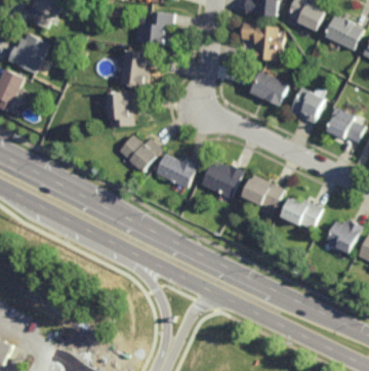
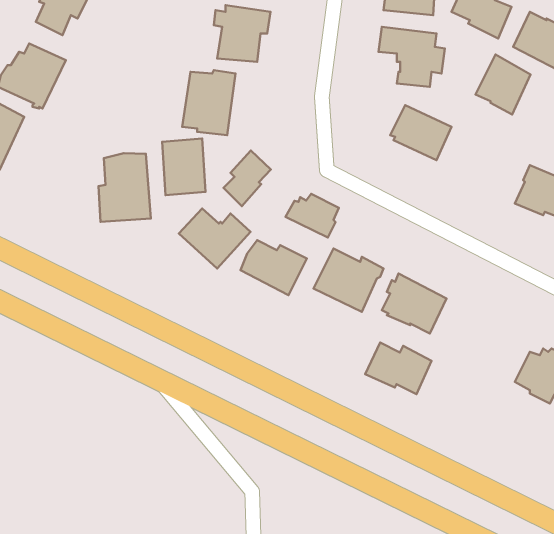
building: [289,87,323,124] -> [476,55,530,115]
building: none -> [223,150,271,206]
building: none -> [98,153,151,222]
building: none -> [286,194,339,237]
building: [279,199,320,231] -> [365,343,432,394]

